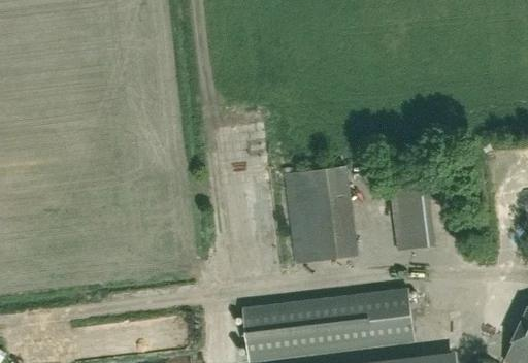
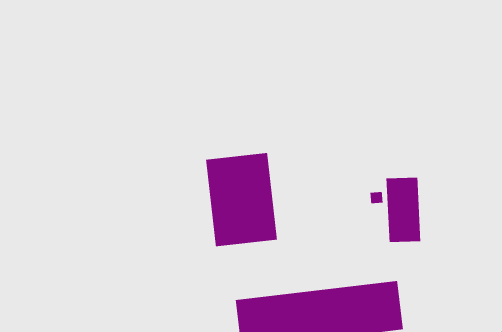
building: [286,166,360,263] -> [205,152,278,247]

